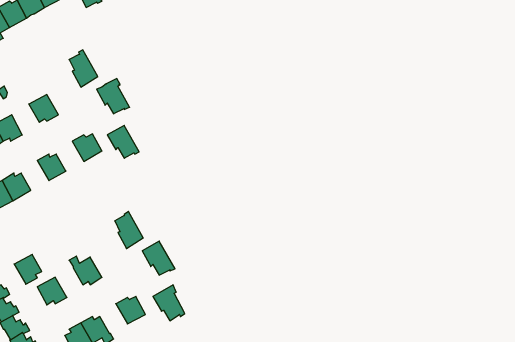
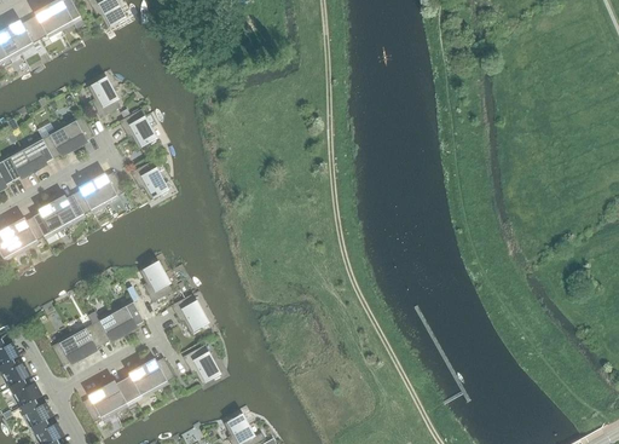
building: none -> [62,116,93,150]
building: none -> [22,138,53,173]
building: none -> [73,180,104,214]
building: none -> [33,202,64,236]
building: none -> [111,301,143,335]
building: [14,254,42,284] -> [71,324,103,358]
building: none -> [122,365,154,399]

